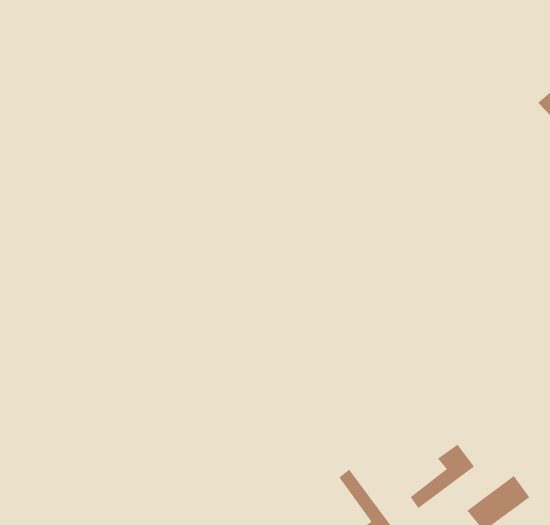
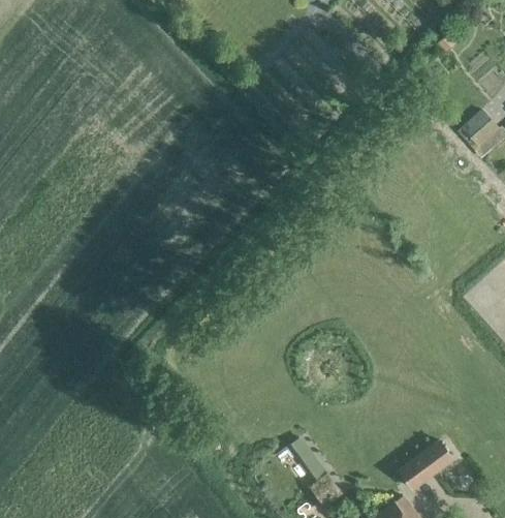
building: [410,444,475,509] -> none

